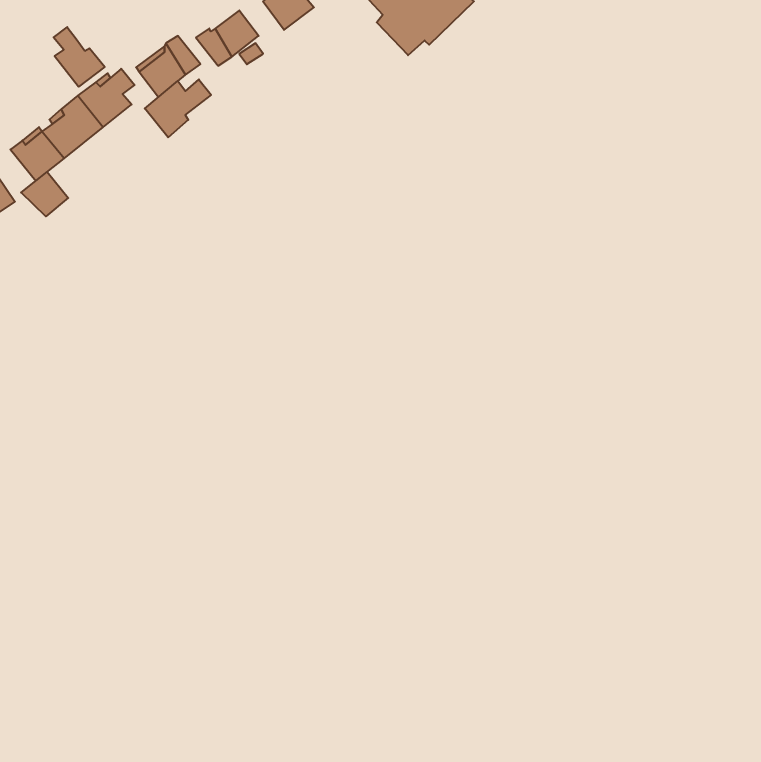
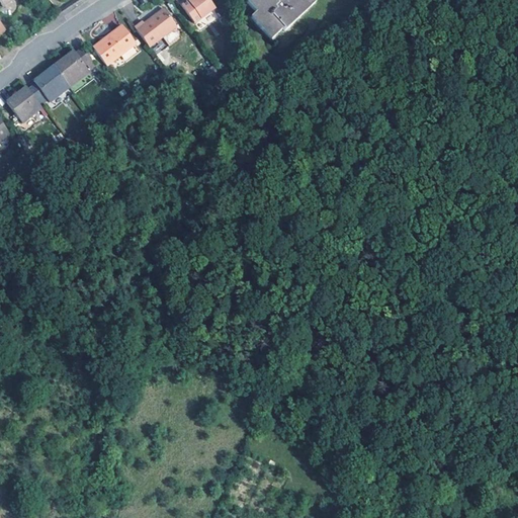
building: [54,27,105,87] -> none
building: [145,79,211,137] -> none
building: [21,172,68,216] -> none

